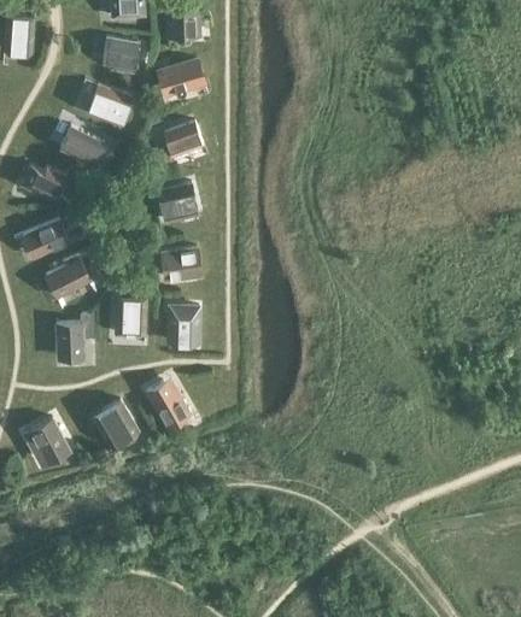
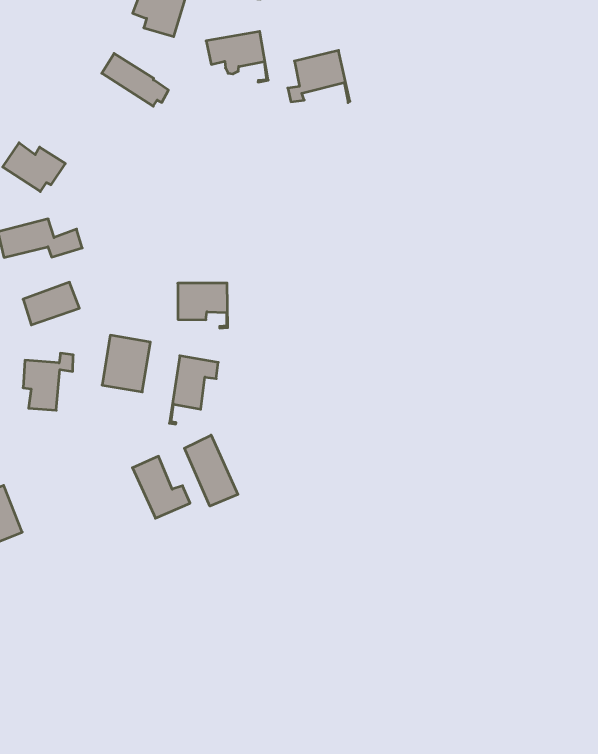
building: [160,122,207,164] -> [288,50,350,103]
building: [59,127,104,164] -> none
building: [157,183,198,222] -> none
building: none -> [184,435,238,506]
building: [93,401,137,447] -> none

